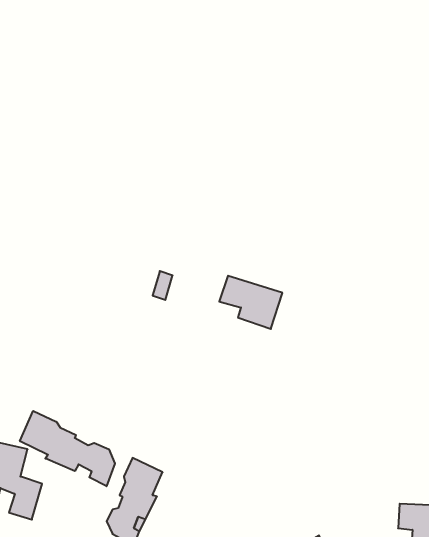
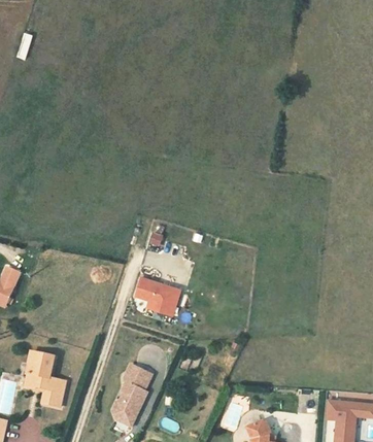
building: [219,276,282,329] -> [136,275,181,313]
building: [20,411,115,486] -> none

